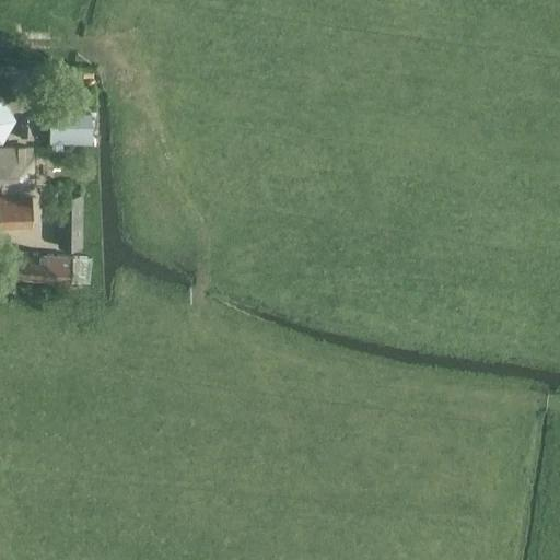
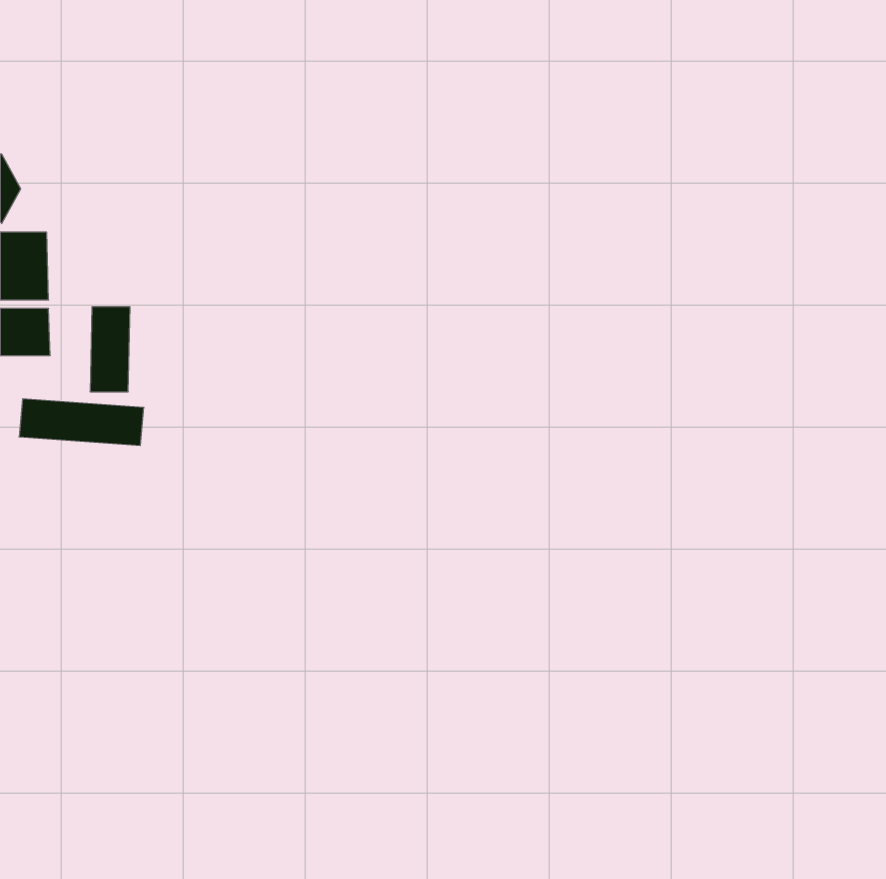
building: [50,117,92,147] -> none

